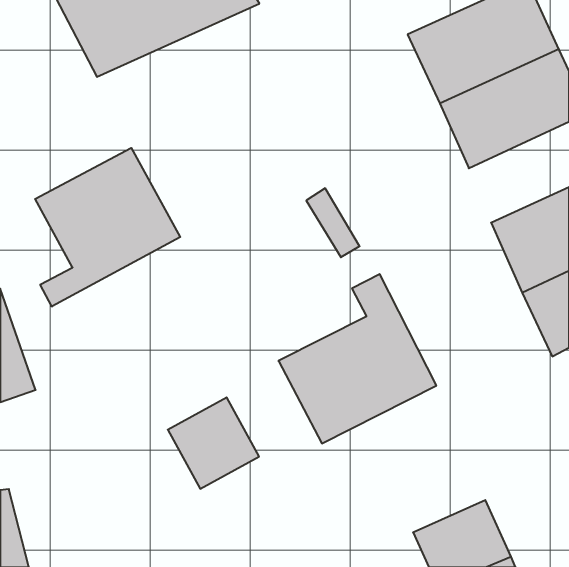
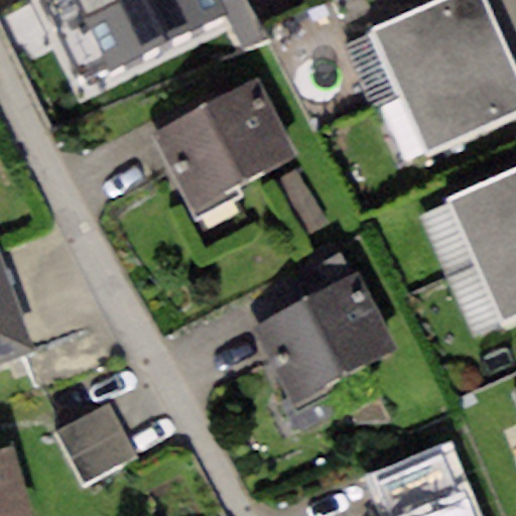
building: none -> [156,77,296,204]
building: [35,148,180,307] -> none
building: [168,397,259,489] -> [55,403,138,486]

